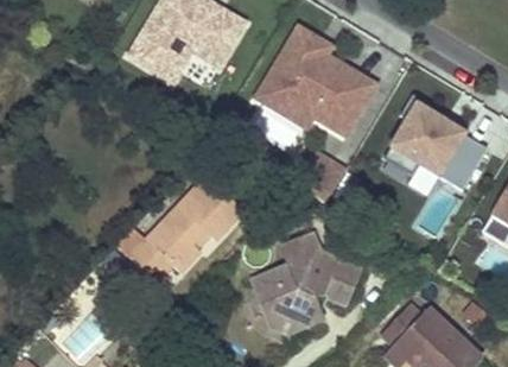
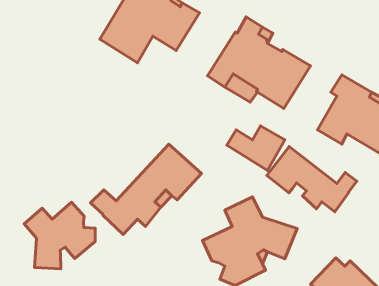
building: none -> [267,147,357,212]
building: none -> [24,202,95,269]

